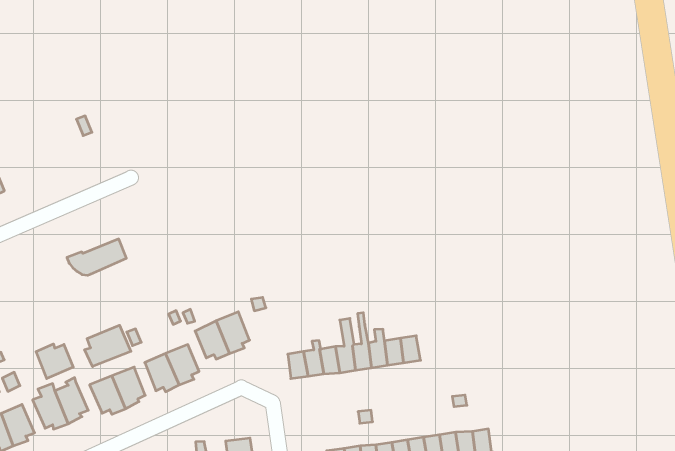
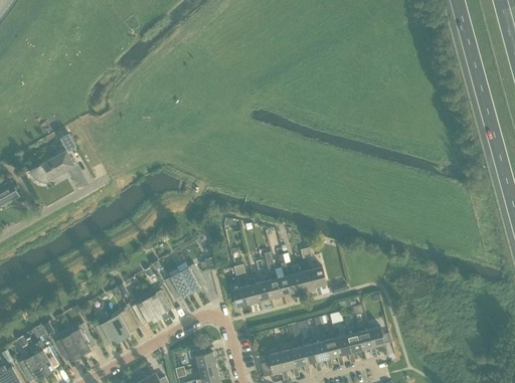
building: [67,239,126,275] -> [29,154,71,182]
building: [85,325,131,367] -> none
building: [36,344,73,379] -> none

